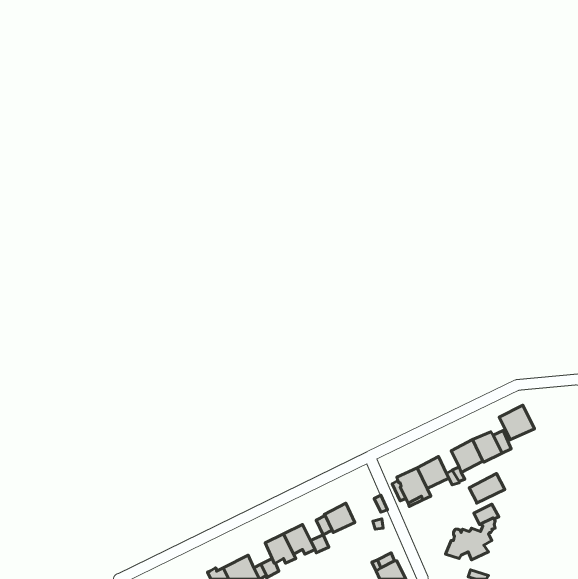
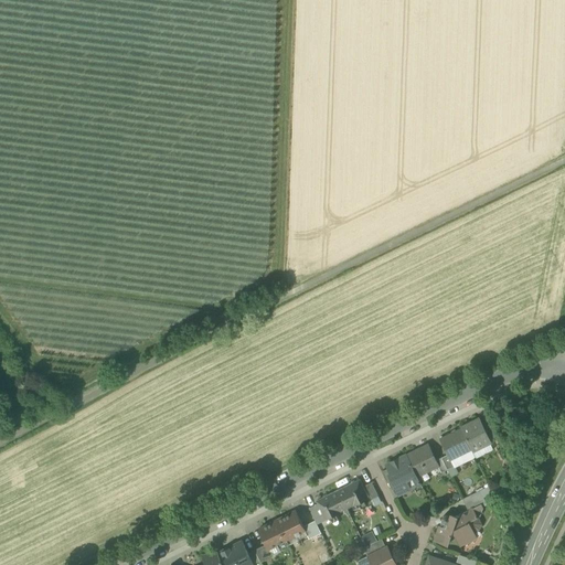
building: [499,405,535,440] -> none
building: [469,474,505,503] -> none
building: none -> [337,480,367,509]

